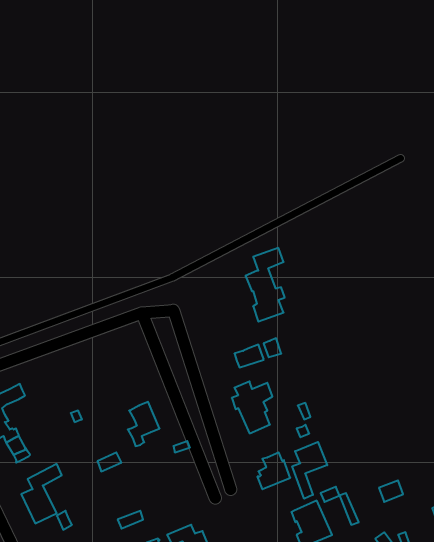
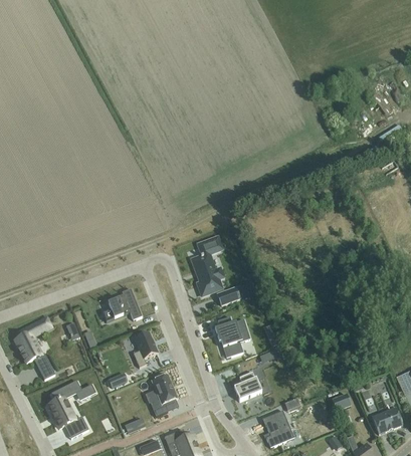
building: [245,248,285,322] -> [192,237,223,295]
building: none -> [102,288,142,321]
building: [292,442,327,499] -> none
building: none -> [150,375,177,417]

